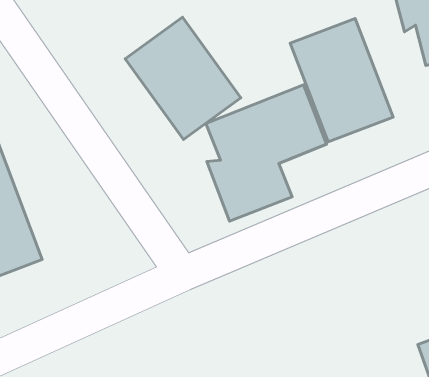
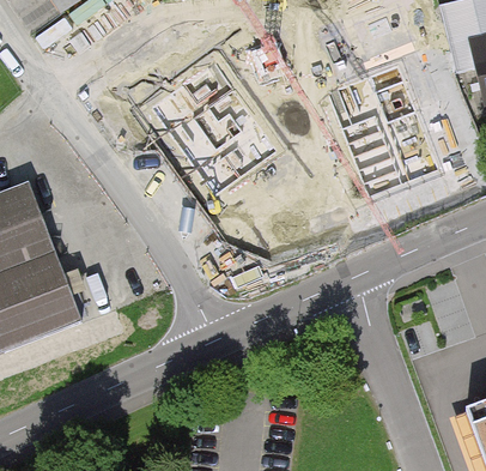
building: [206,85,326,221] -> none

